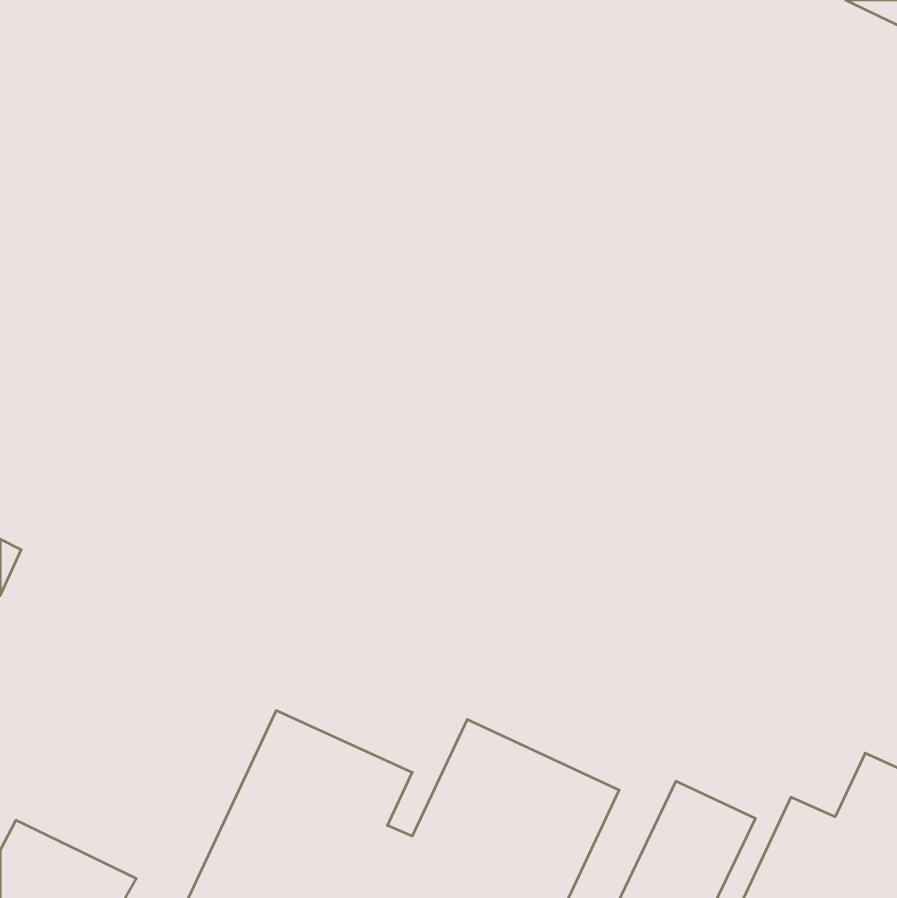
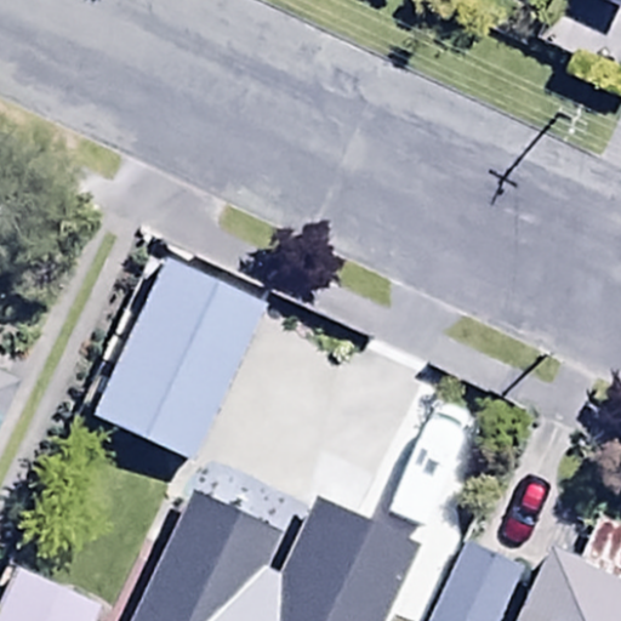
building: none -> [84,252,268,463]

